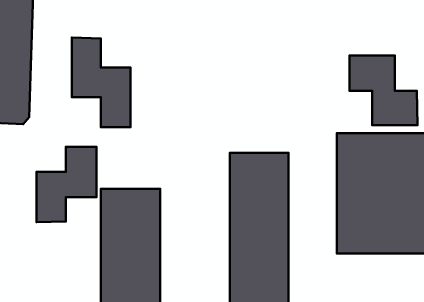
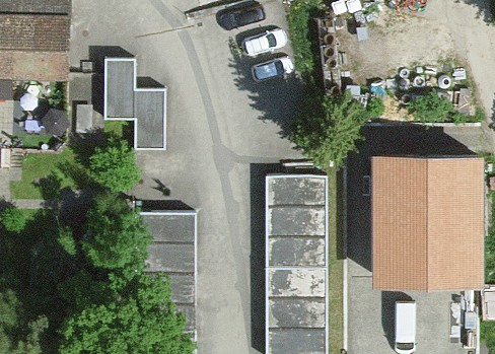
building: [349,55,418,125] -> none
building: [36,147,96,222] -> none

